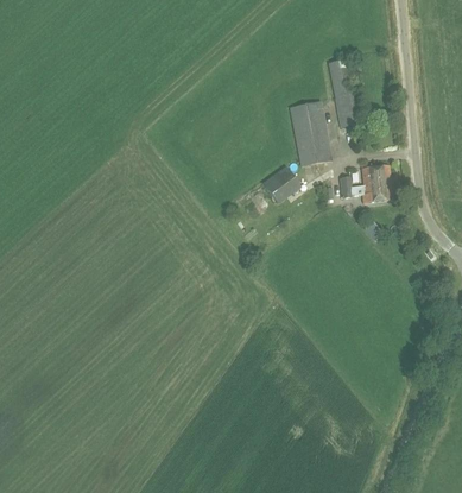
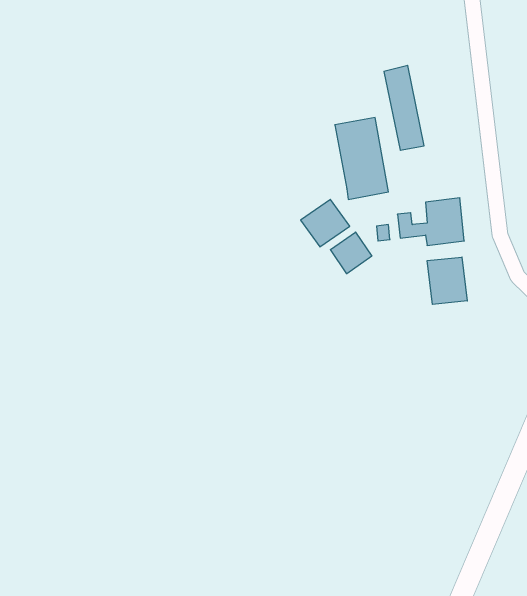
building: none -> [330,232,372,274]
building: none -> [427,257,467,304]

